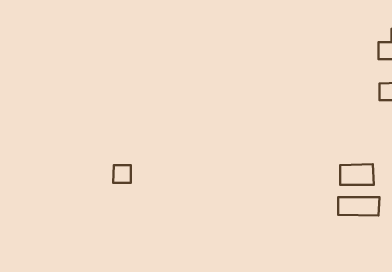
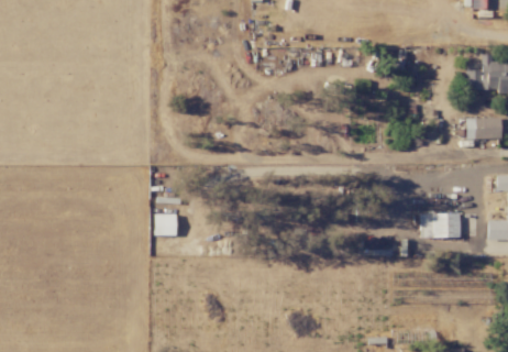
building: [338,197,380,216] -> none

